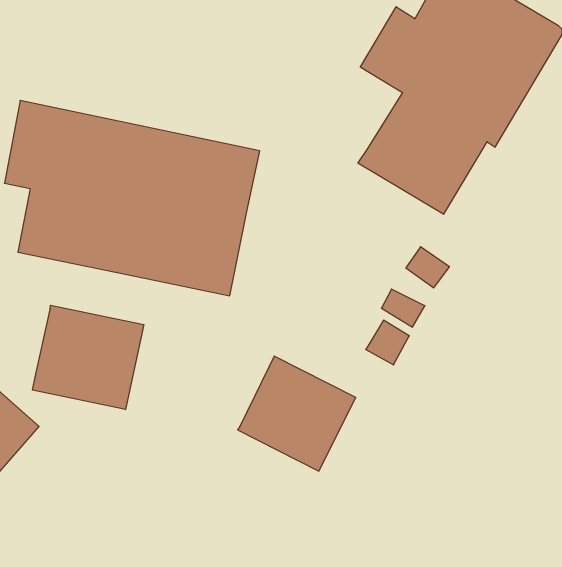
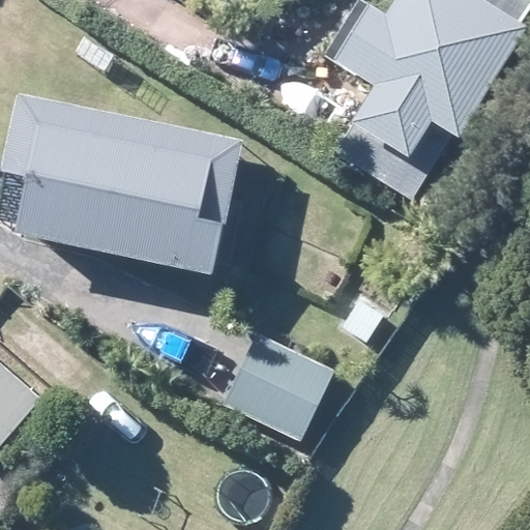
building: [32,305,144,410] -> none

